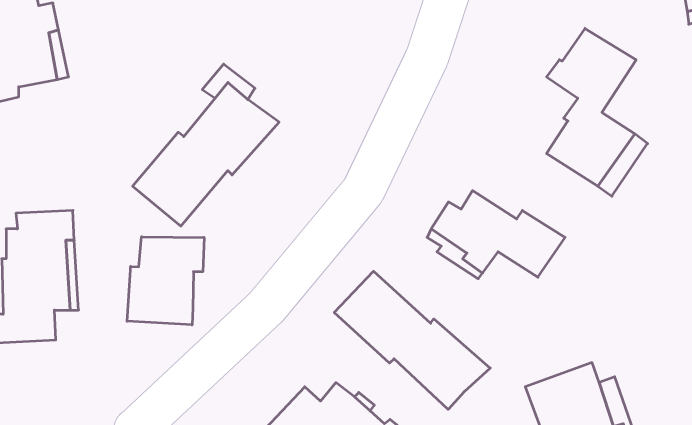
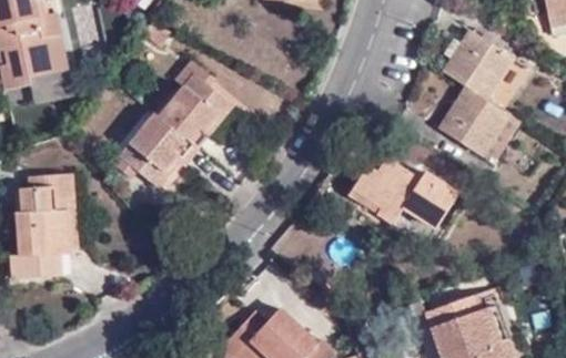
building: [127,237,204,325] -> none
building: [334,271,490,409] -> none

